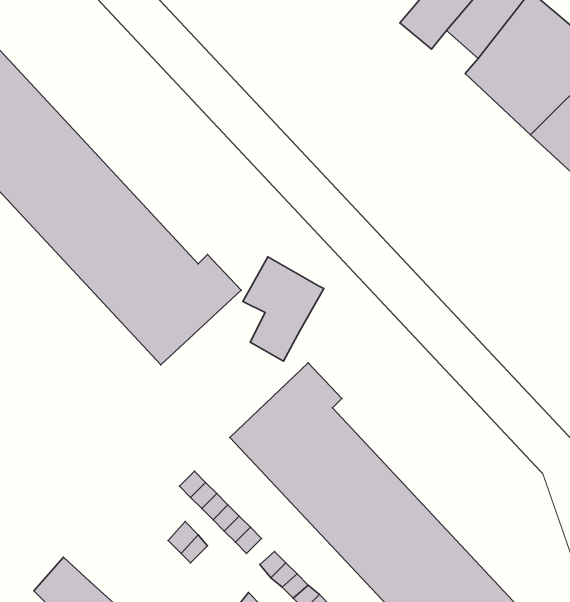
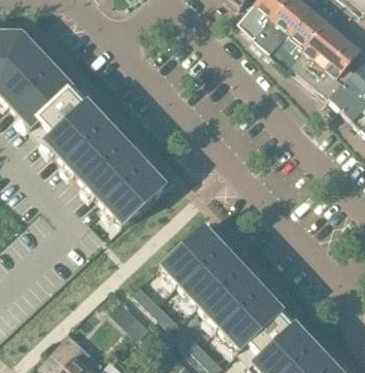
building: [243,257,324,361] -> none

